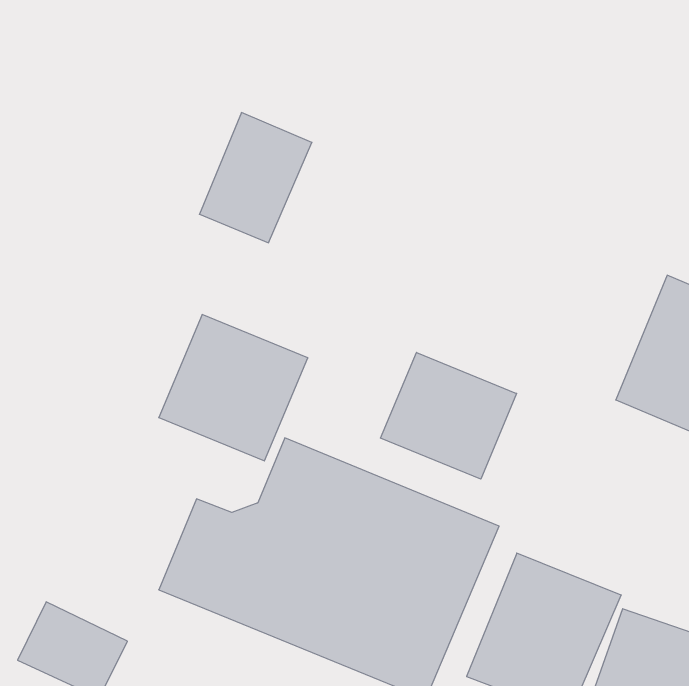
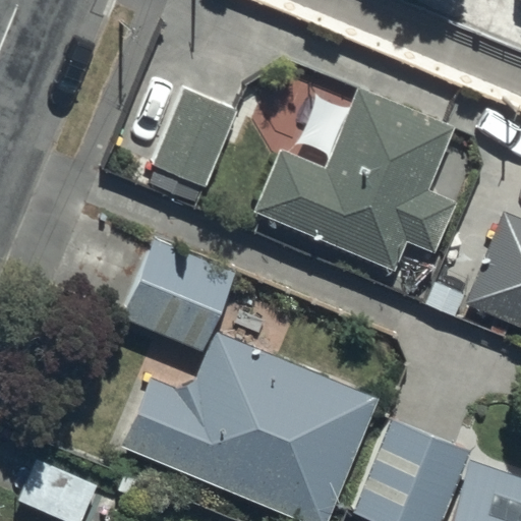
building: none -> [254,88,456,271]
building: [381,352,517,479] -> none

